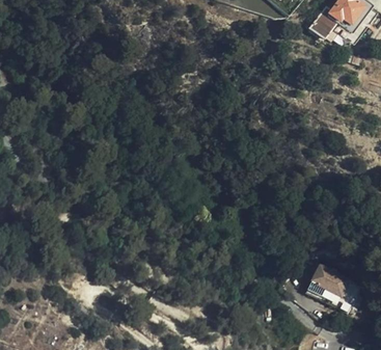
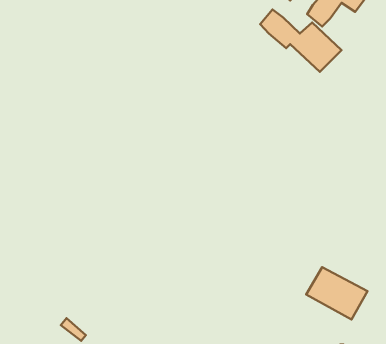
building: none -> [260,9,342,72]

